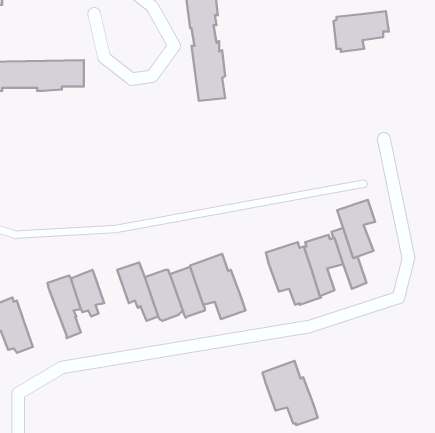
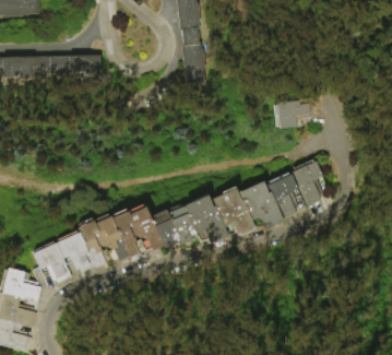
building: [333,11,389,52] -> [275,97,317,128]
building: none -> [109,210,140,257]
building: none -> [51,224,88,267]
building: [263,361,318,425] -> [210,196,251,244]

